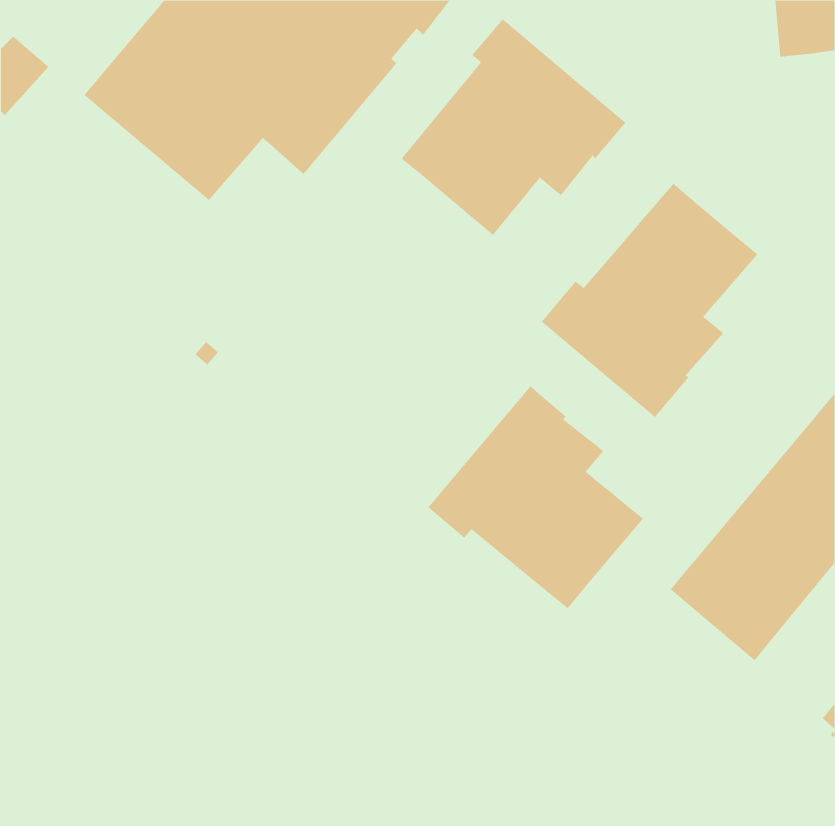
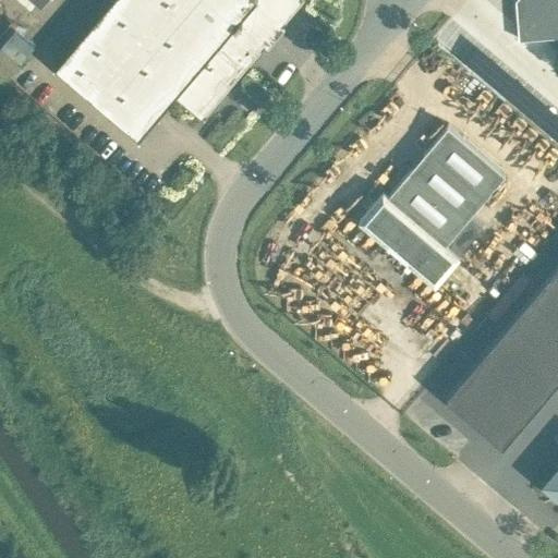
building: [401,18,626,236] -> none
building: [428,386,644,609] -> none

